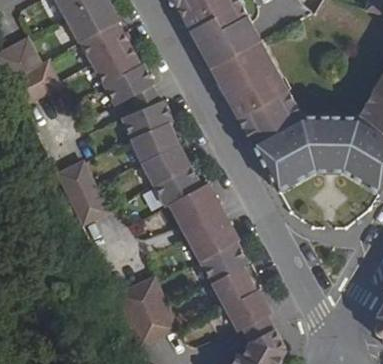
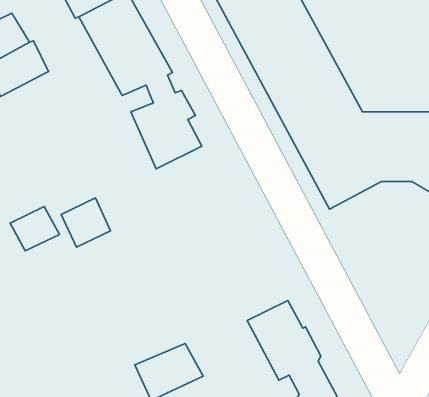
building: [140,141,246,279] -> none
building: [53,160,92,195] -> [10,207,59,251]
building: [111,272,163,314] -> none

